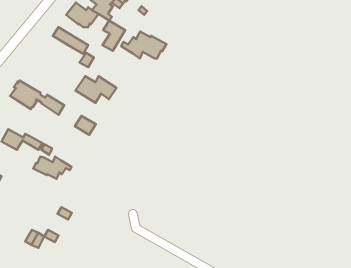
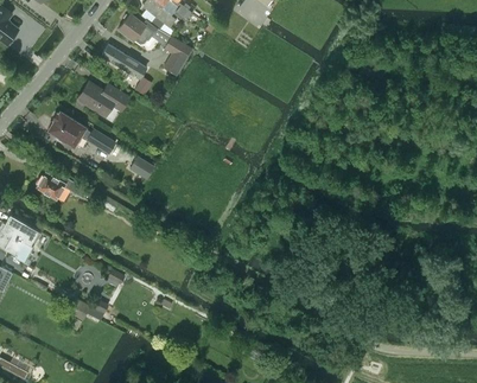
building: [121,31,166,59] -> none
building: [75,76,116,103] -> [78,83,129,116]
building: [33,157,72,179] -> none

